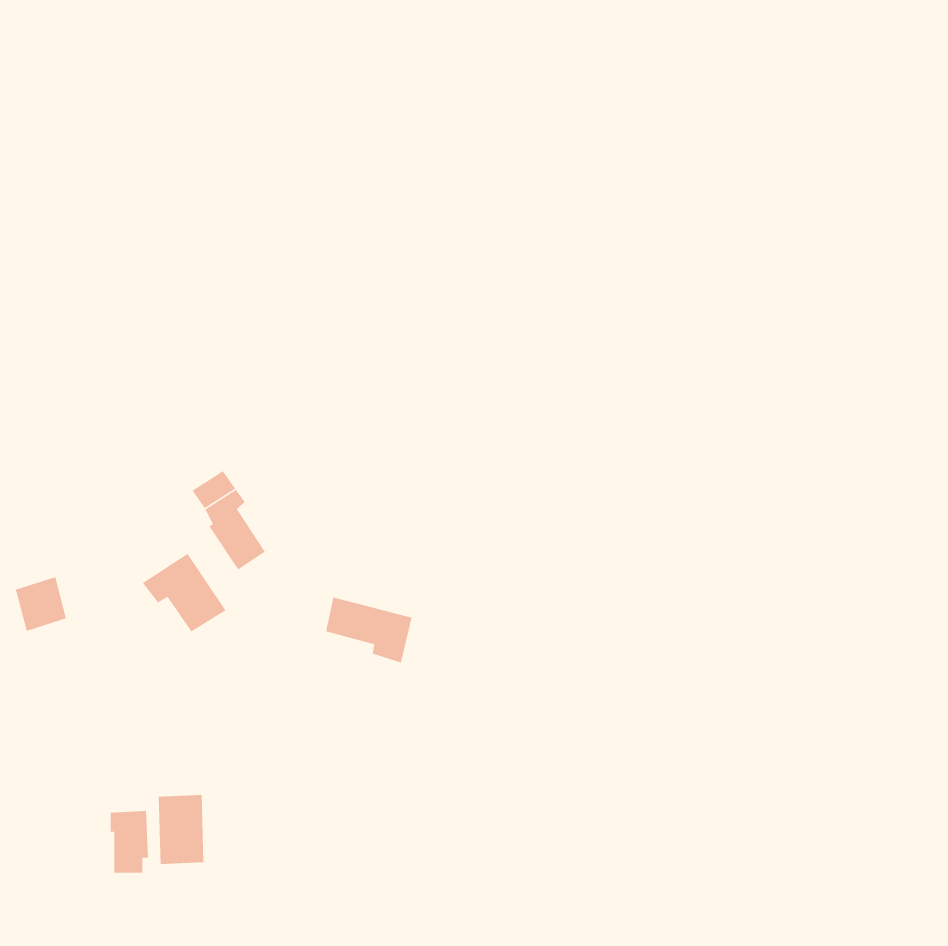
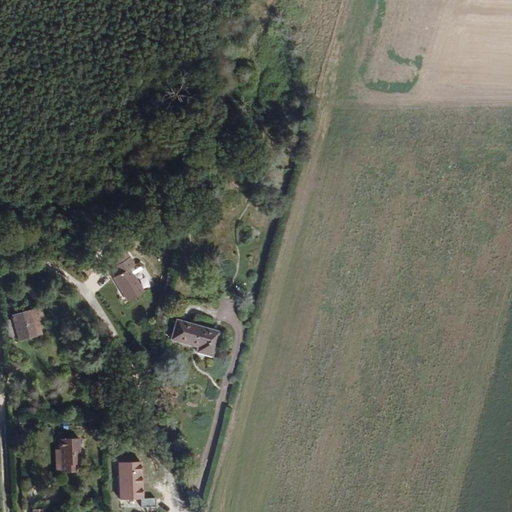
building: [142,553,226,632] -> none
building: [158,794,204,865] -> [118,458,143,496]

